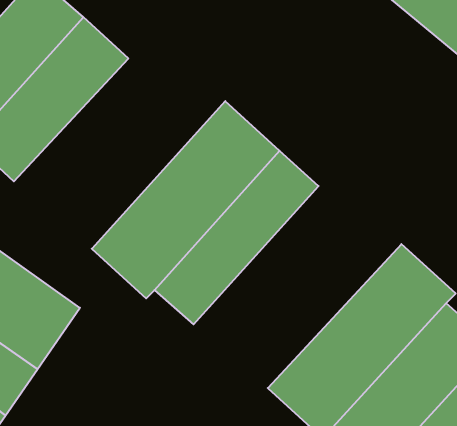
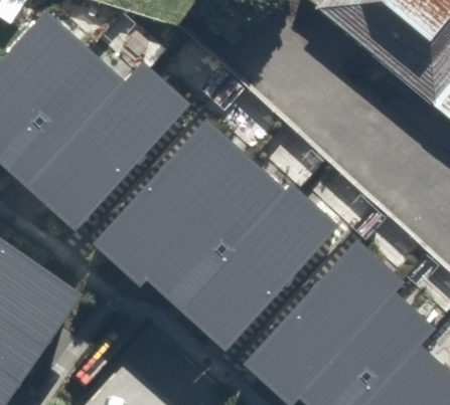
building: none -> [26,61,190,230]
building: none -> [179,184,337,349]

